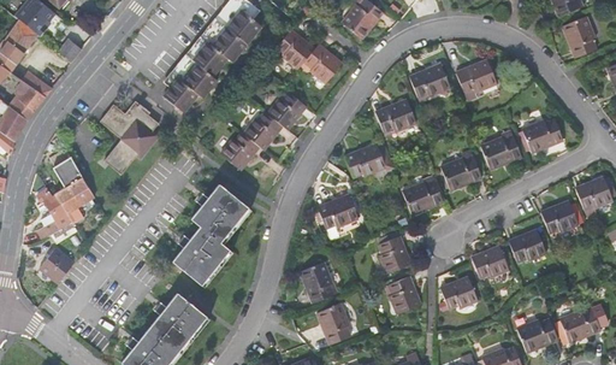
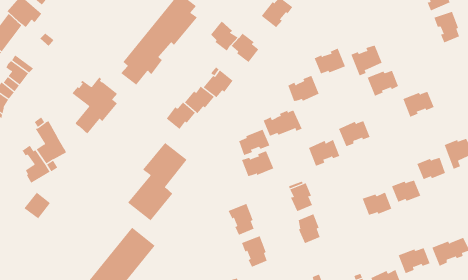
building: [480,135,521,169] -> [367,70,399,96]
building: none -> [238,129,270,156]
building: [439,278,478,308] -> none

